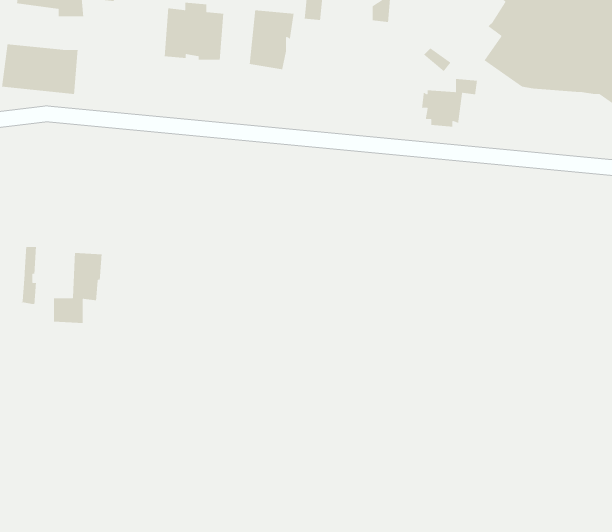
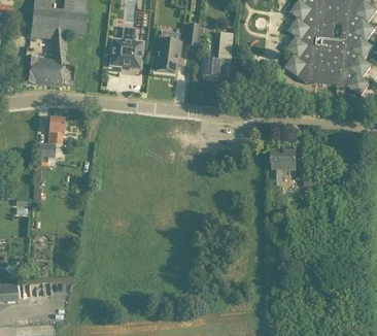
building: [421,78,478,127] -> [200,53,231,79]
building: none -> [271,149,296,186]
building: [53,252,102,324] -> [37,117,64,157]

